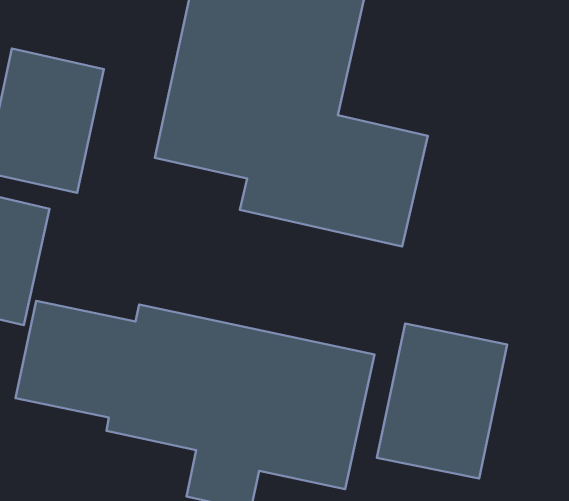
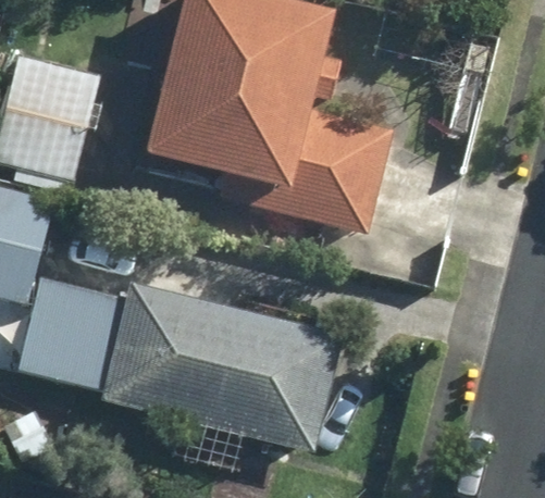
building: [377,324,507,479] -> none

